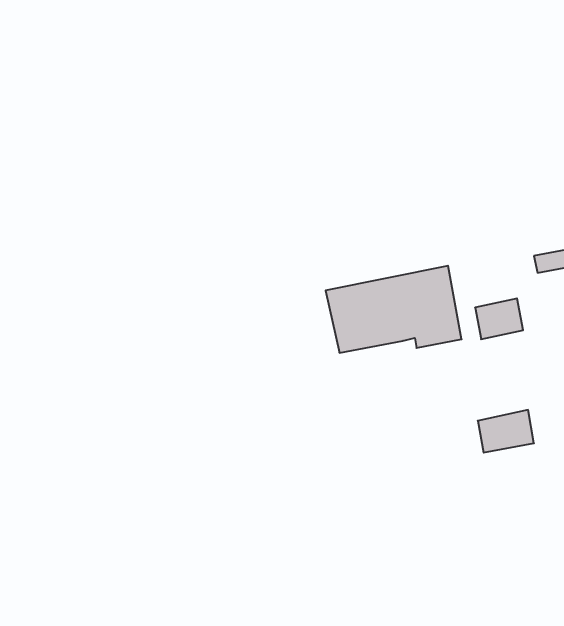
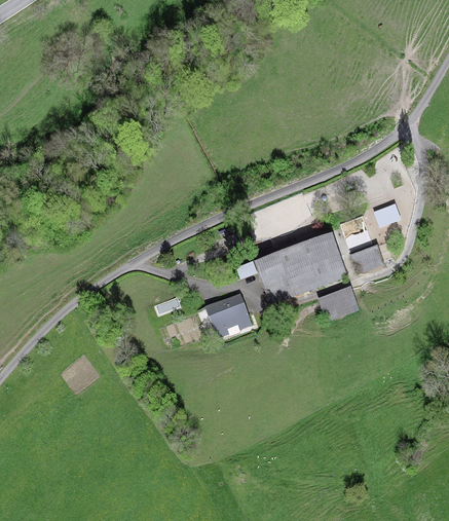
building: none -> [210,297,253,332]
building: [478,410,534,453] -> [321,289,359,321]

